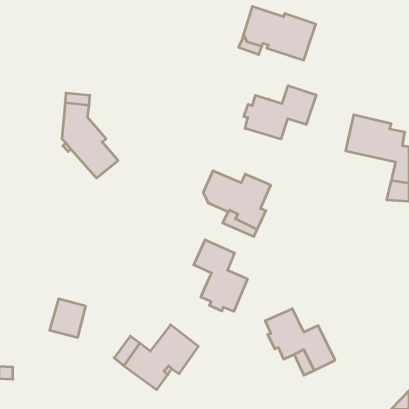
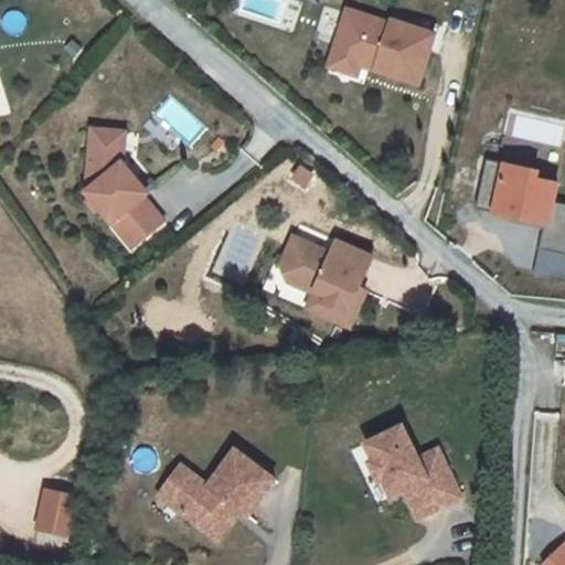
building: [244,86,316,139] -> none
building: [194,240,247,311] -> none
building: [50,299,86,337] -> [30,484,79,537]

